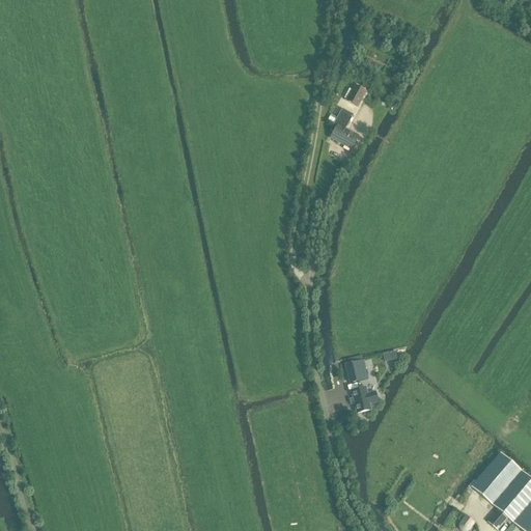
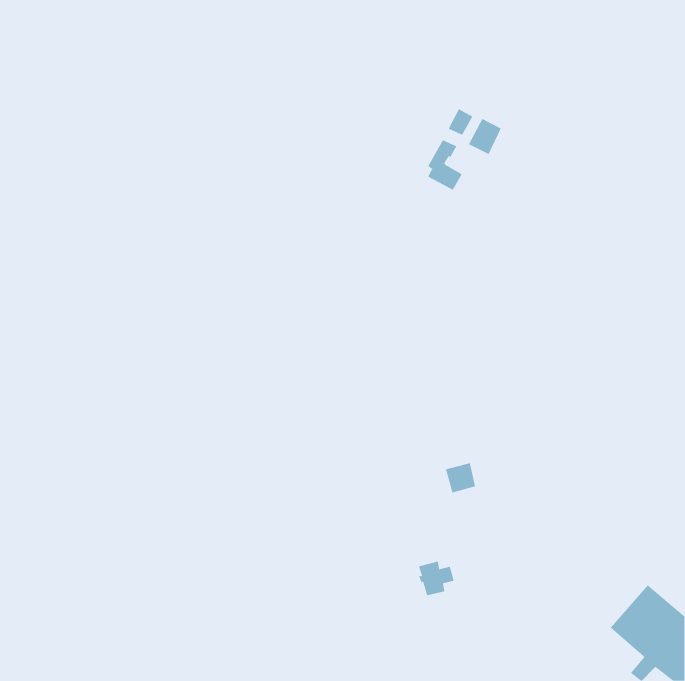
building: none -> [468,118,502,155]
building: [351,385,379,412] -> [418,561,455,596]

